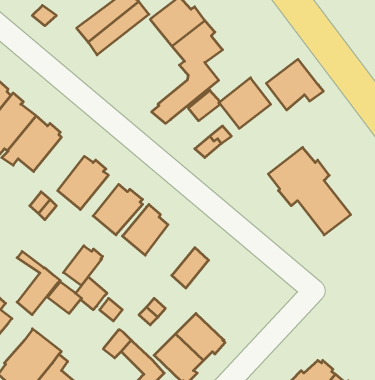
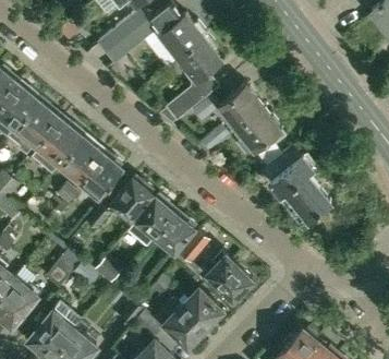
building: [266,59,323,110] -> [235,108,284,152]
building: none -> [59,135,102,182]
building: none -> [155,212,195,253]
building: [63,246,103,286] -> none
building: none -> [206,251,252,301]

